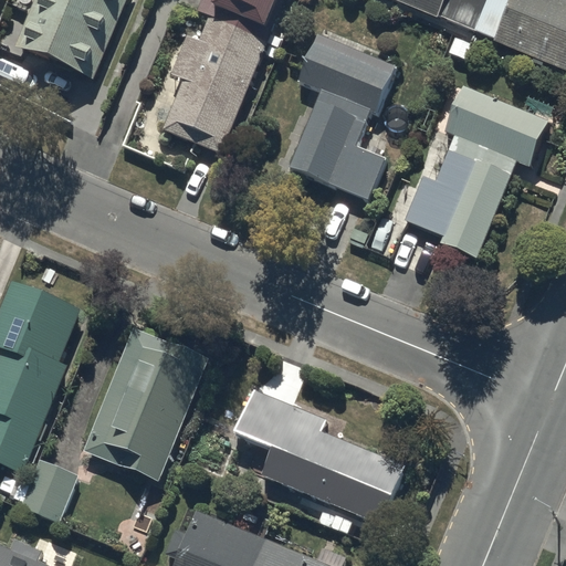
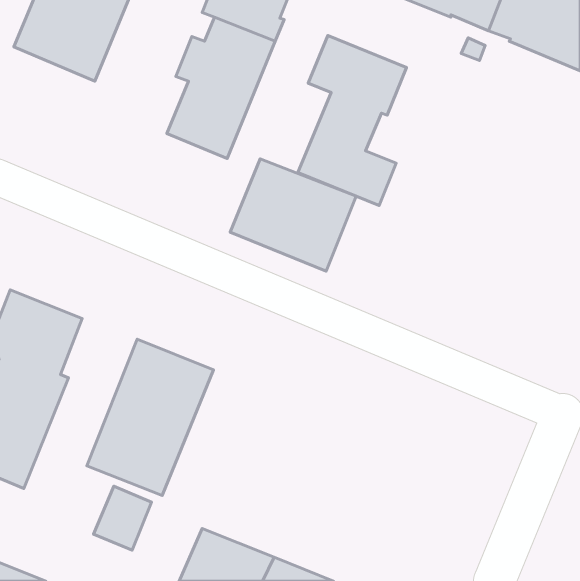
building: [403,86,547,258] -> none
building: none -> [230,159,356,271]
building: [237,390,405,523] -> none
building: [20,461,76,523] -> [93,486,152,550]

